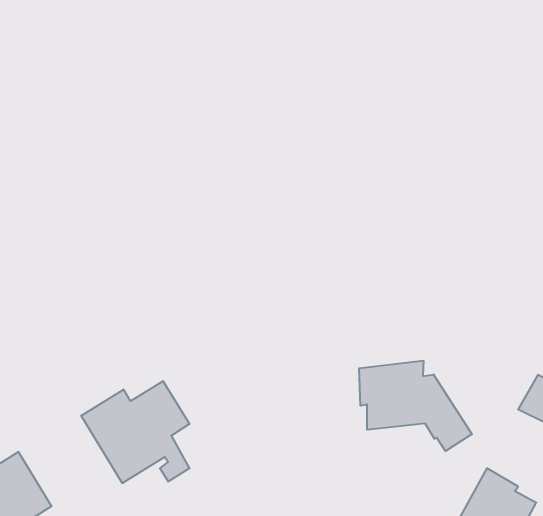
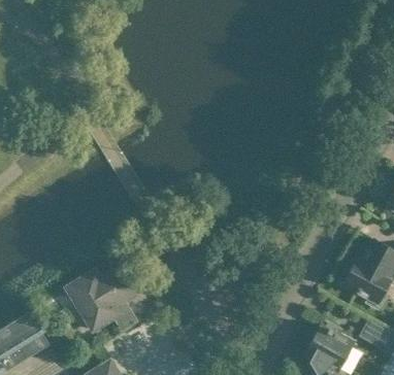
building: [359,361,472,451] -> none

